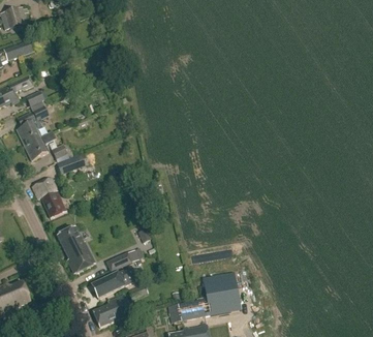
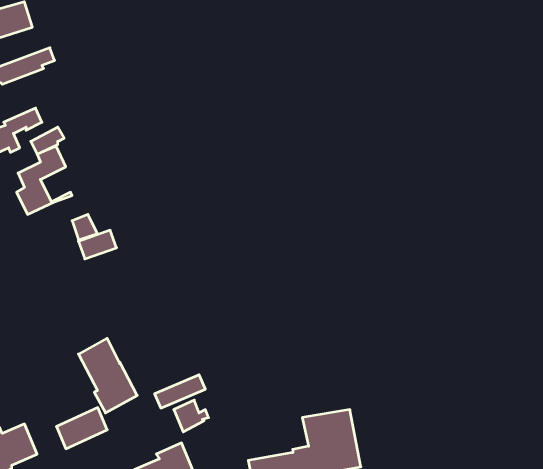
building: [24,132,55,160] -> none
building: [32,177,66,218] -> none
building: [92,272,125,299] -> [56,408,107,449]

